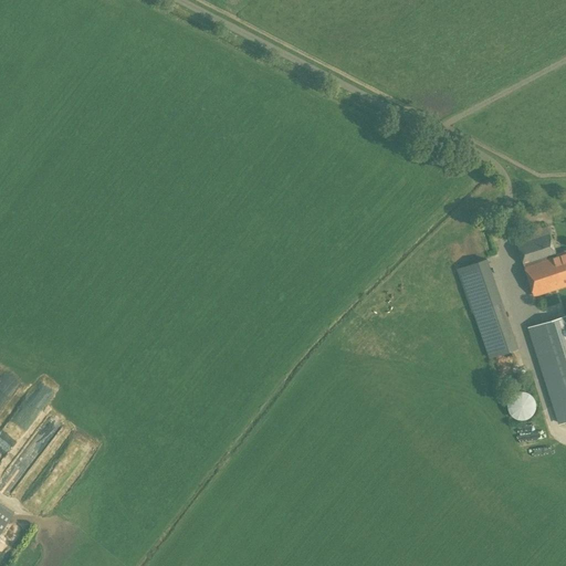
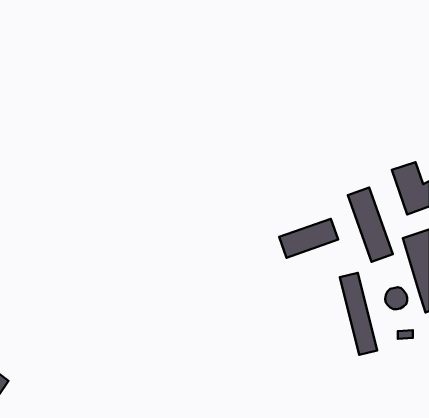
building: none -> [279,219,338,258]
building: none -> [340,273,377,355]

